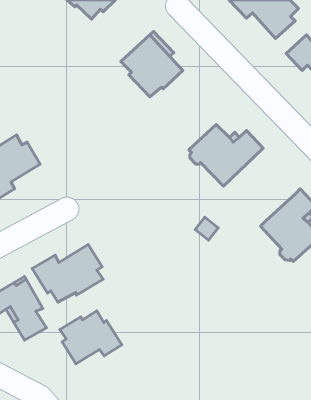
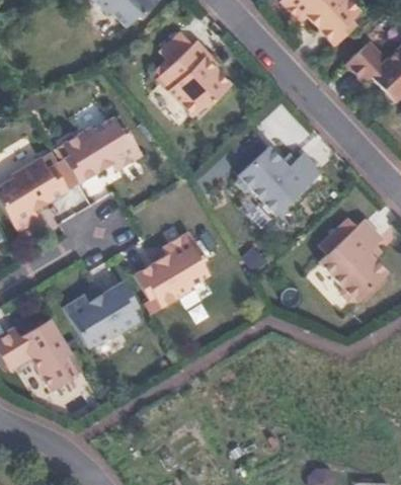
building: none -> [62,116,142,183]
building: none -> [133,232,208,308]
building: [60,311,122,364] -> none

